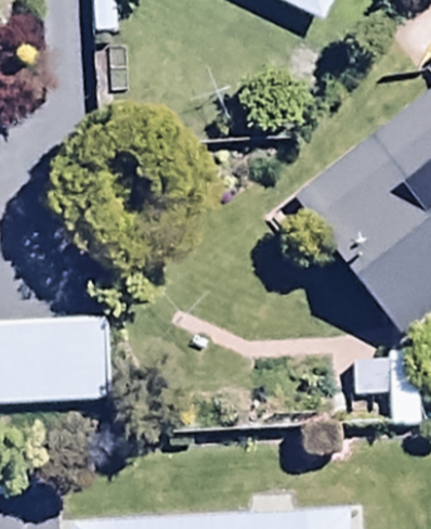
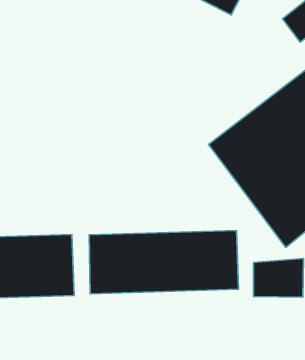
building: none -> [89,230,239,294]

